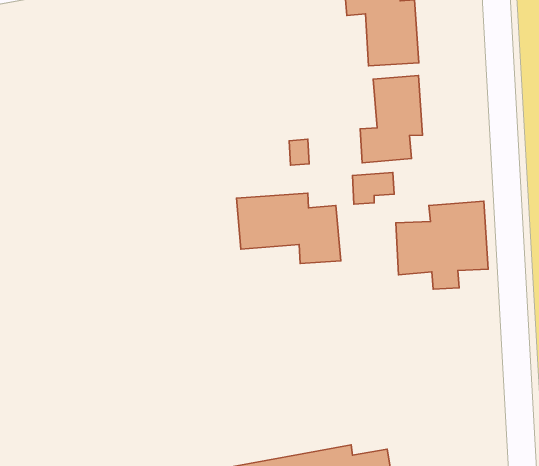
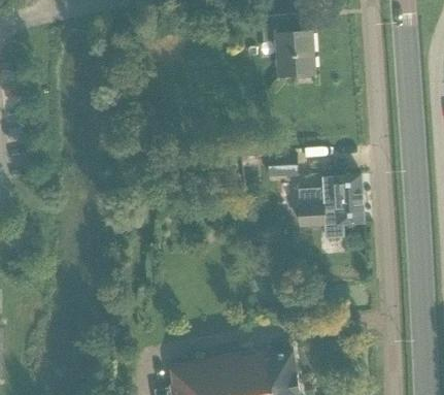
building: [360,75,423,163] -> none
building: [236,193,341,263] -> none

